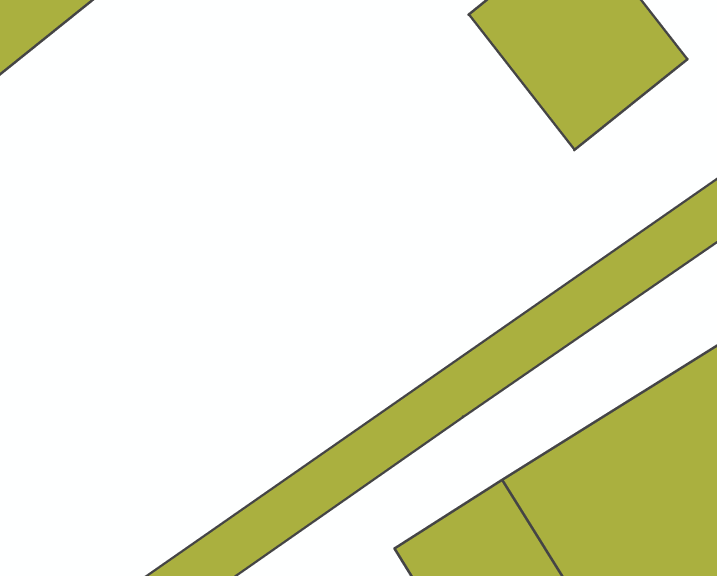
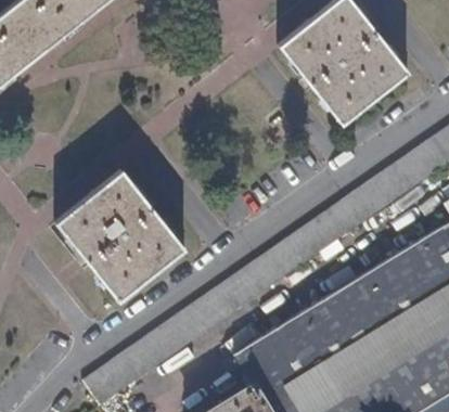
building: none -> [56,171,184,300]

